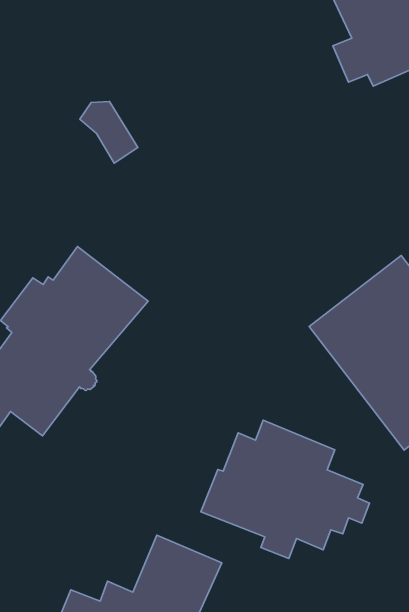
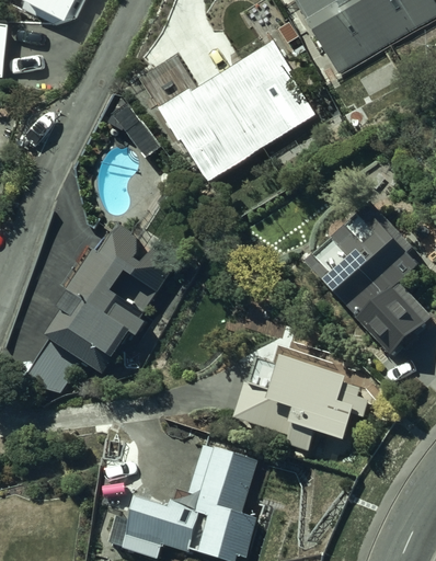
building: none -> [157,36,319,181]

